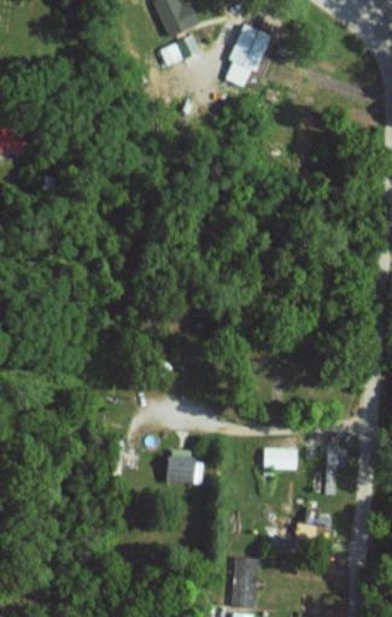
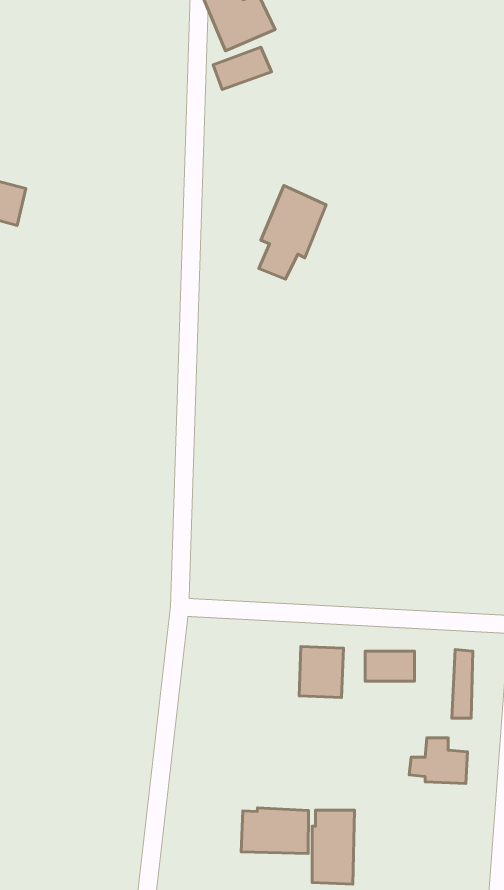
building: [227,22,273,86] -> [259,185,326,279]
building: [165,448,195,483] -> [299,646,343,698]
building: none -> [241,808,308,853]

